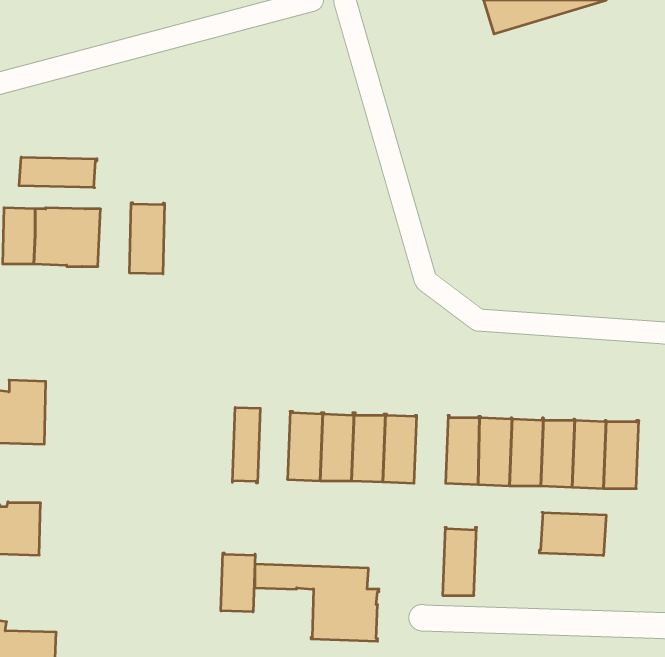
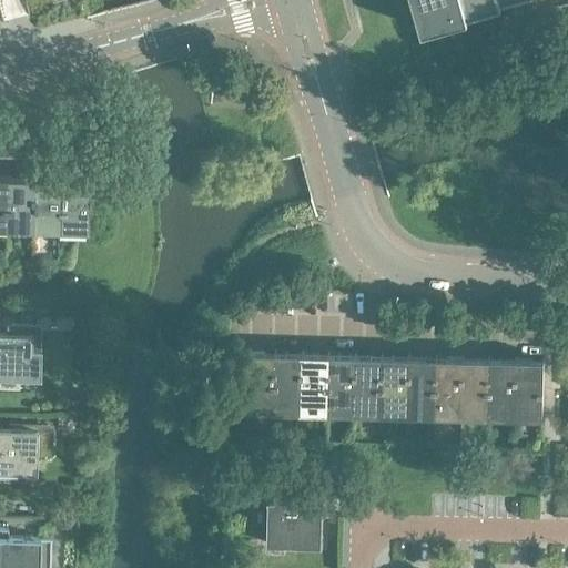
building: [19,157,97,188] -> none
building: [130,203,165,274] -> none
building: [232,407,260,483] -> none
building: [539,512,606,556] -> none
building: [443,527,477,595] -> [352,362,381,419]
building: [221,553,255,612] -> none

